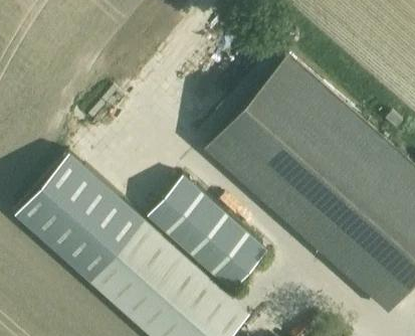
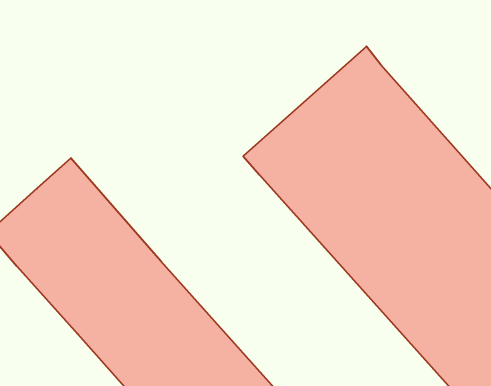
building: [151,180,267,291] -> none

